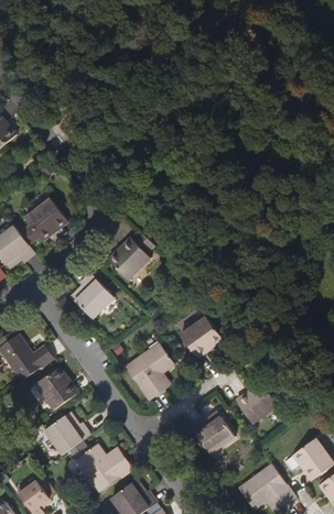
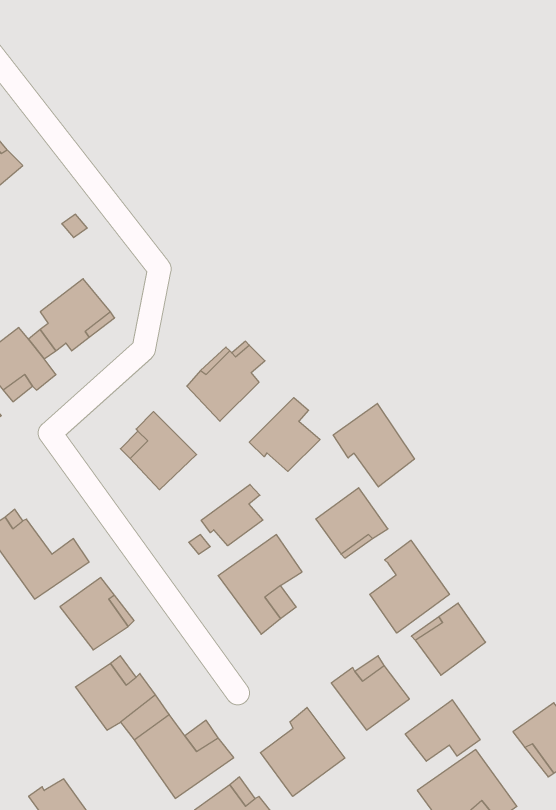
building: none -> [249,398,320,471]
building: none -> [333,403,414,487]
building: none -> [201,484,263,546]
building: none -> [370,540,449,633]
building: none -> [405,700,480,761]
building: none -> [260,707,345,796]

